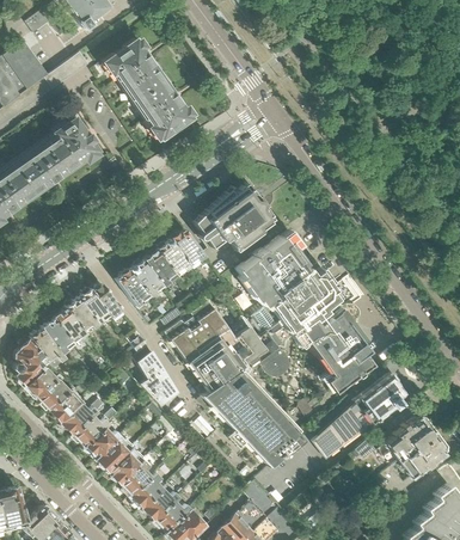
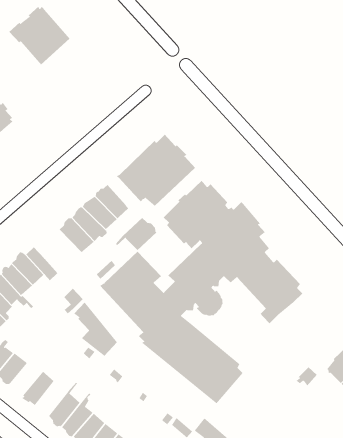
building: [131,76,192,139] -> none
building: none -> [115,217,157,251]
building: [117,270,151,307] -> none
building: [312,374,404,459] -> none
building: [61,399,108,435] -> none
building: [85,424,119,459] -> none

